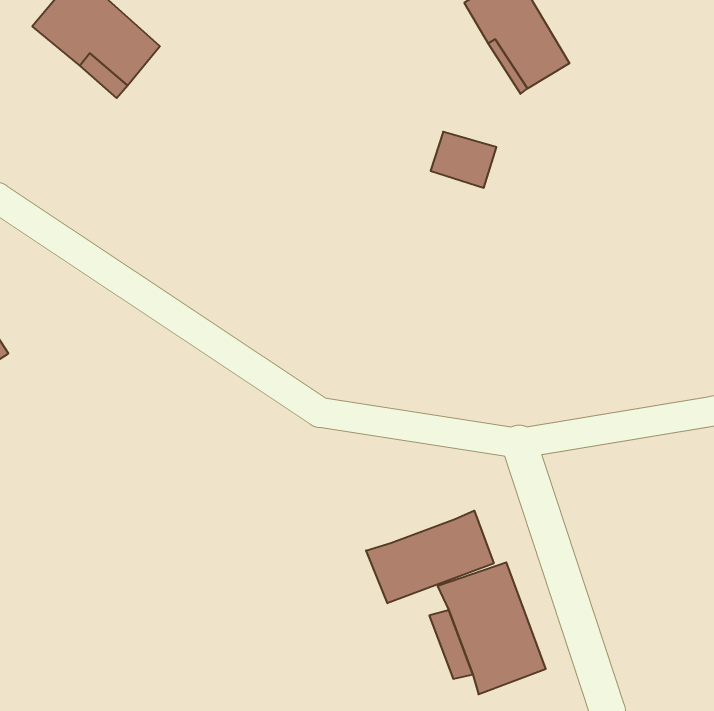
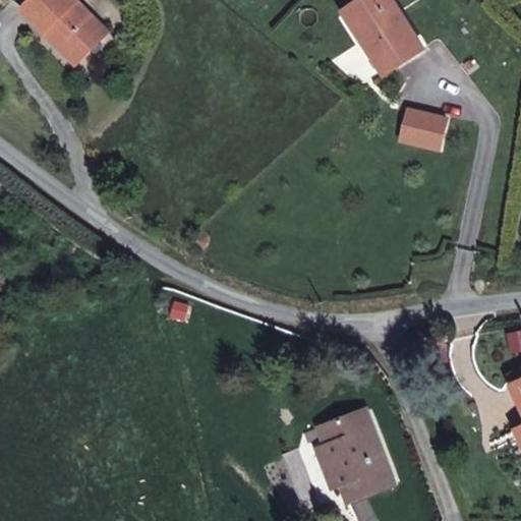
building: [431,132,496,188] -> [388,107,436,148]
building: [366,511,494,603] -> none

